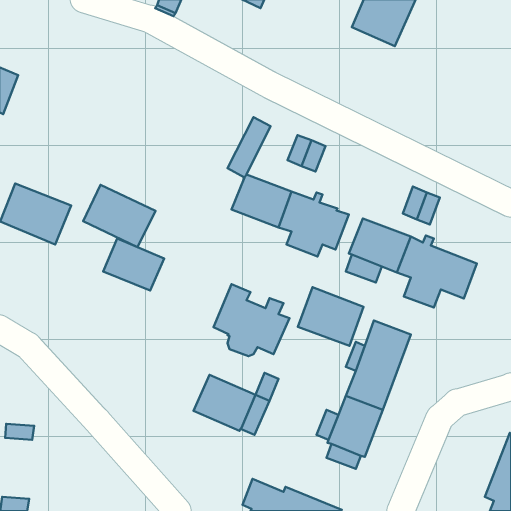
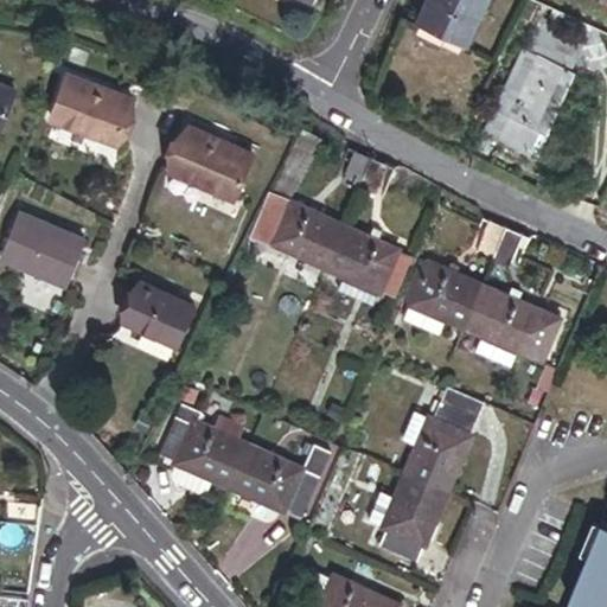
building: none -> [475,23,570,149]
building: none -> [46,77,132,152]
building: [83,185,155,247] -> [162,138,248,211]
building: [214,284,290,356] -> [158,403,248,488]
building: [298,287,363,346] -> none

